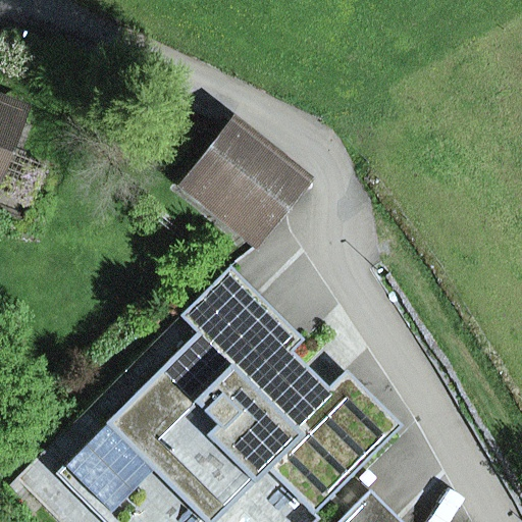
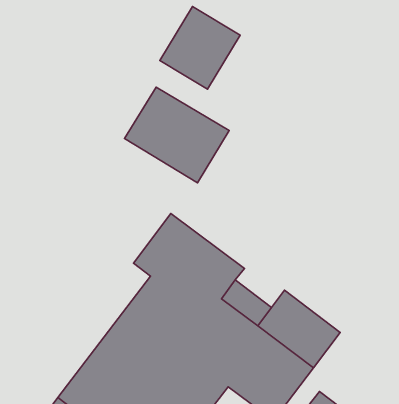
building: none -> [160,7,240,89]

